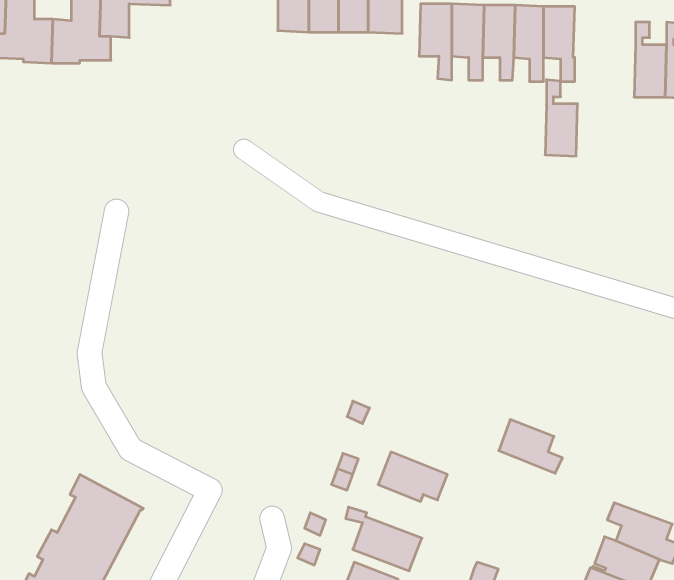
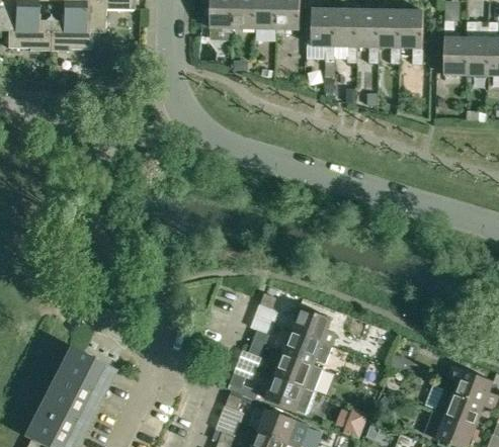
building: [545,80,578,156] -> [443,20,467,75]
building: [499,420,562,473] -> [292,306,337,345]
building: none -> [273,352,322,390]

